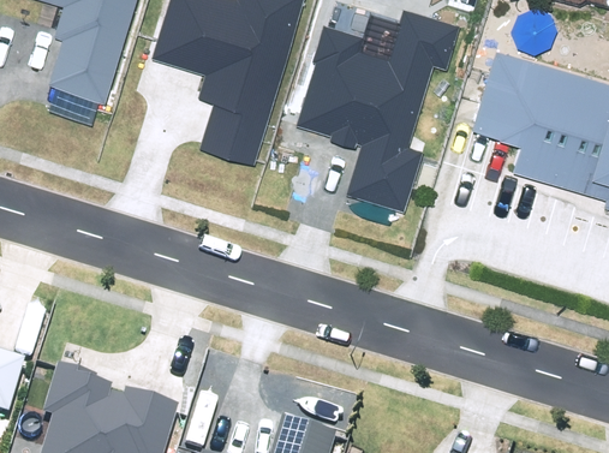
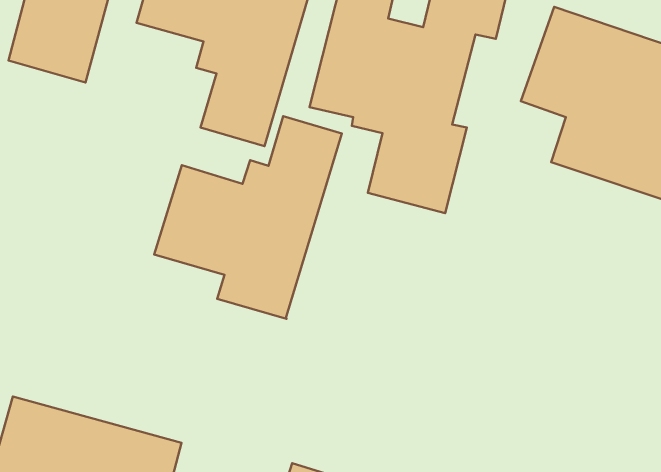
building: none -> [154,116,342,319]

